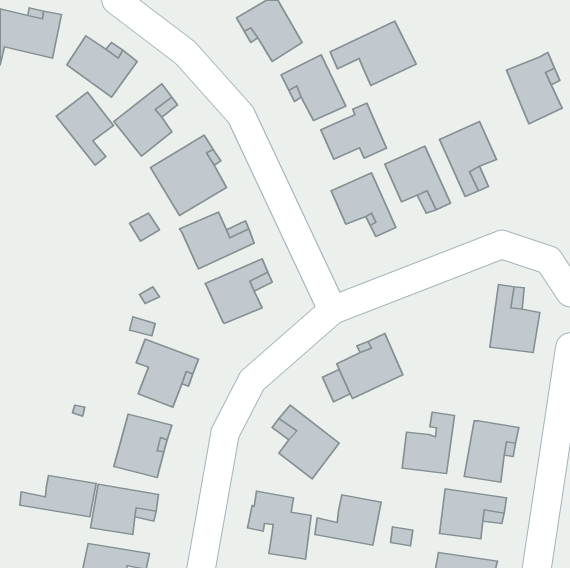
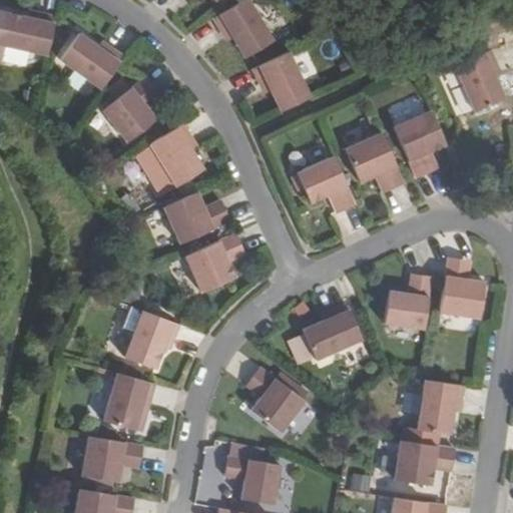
building: [330,21,416,86] -> none
building: [56,92,113,165] -> none
building: [321,103,386,159] -> none
building: [402,412,454,474] -> [384,274,431,329]
building: [20,475,96,517] -> none
building: [315,495,381,545] -> none

